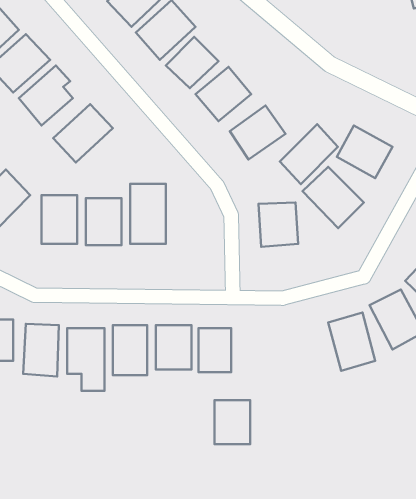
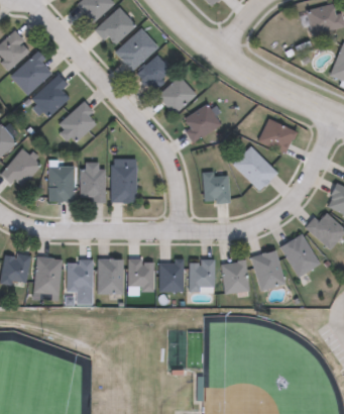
building: [280,124,338,184] -> none
building: none -> [222,261,248,293]
building: [215,400,250,444] -> [190,261,215,292]

